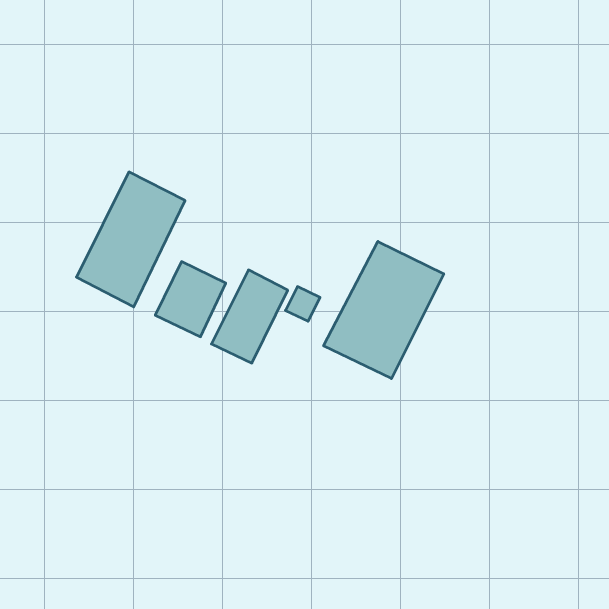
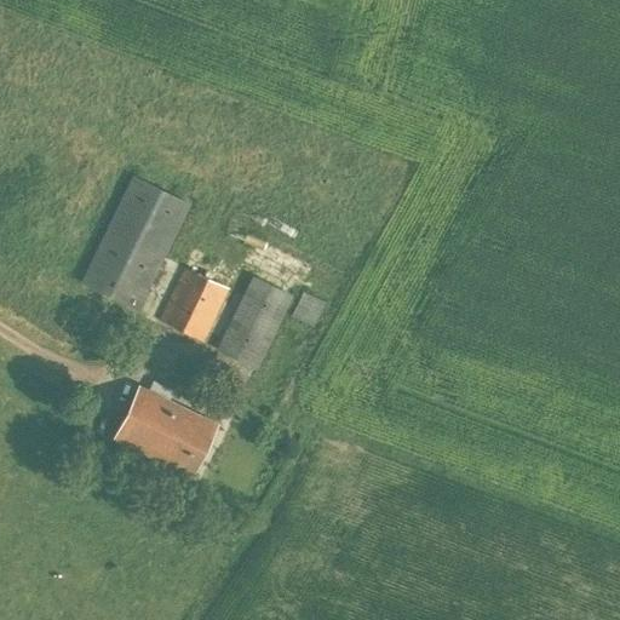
building: [324,241,444,379] -> none
building: none -> [113,386,217,477]

